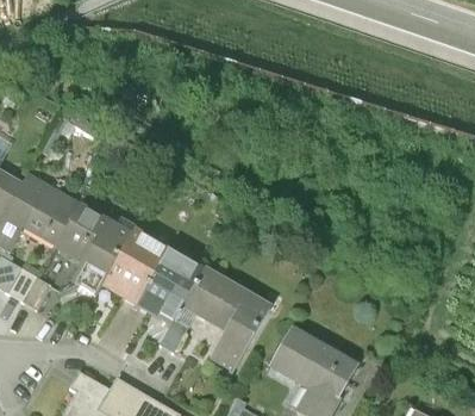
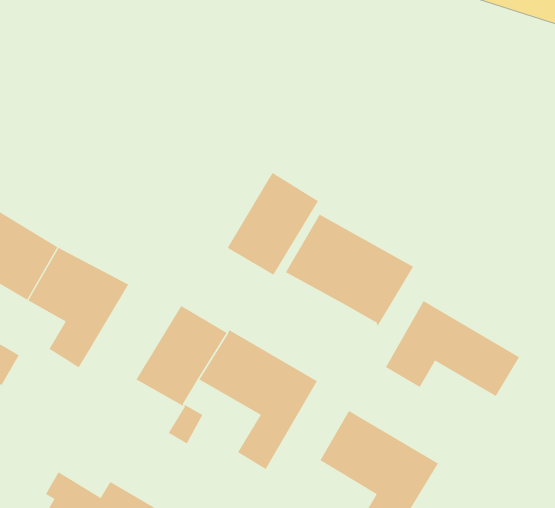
building: none -> [285,214,414,326]
building: [100,228,168,304] -> [227,172,319,275]
building: none -> [385,300,520,397]

